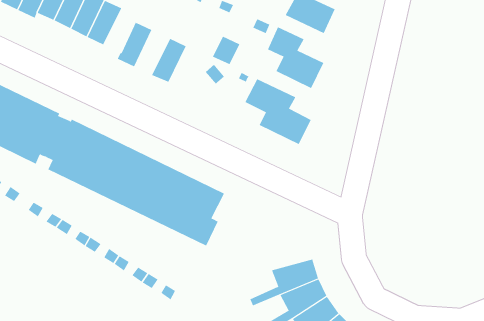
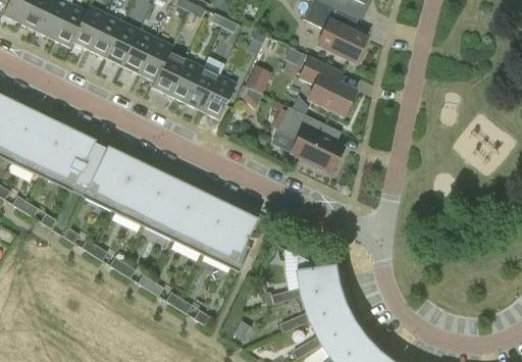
building: none -> [138,37,173,81]
building: none -> [168,58,203,103]
building: none -> [202,74,237,118]
building: none -> [267,253,344,304]

